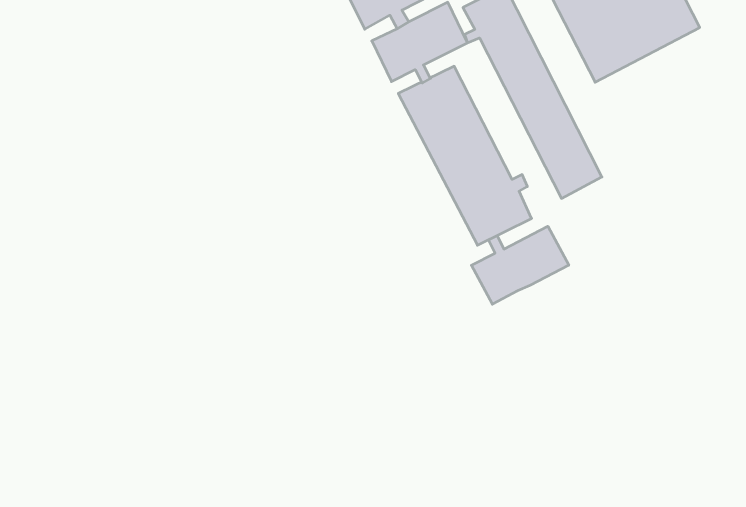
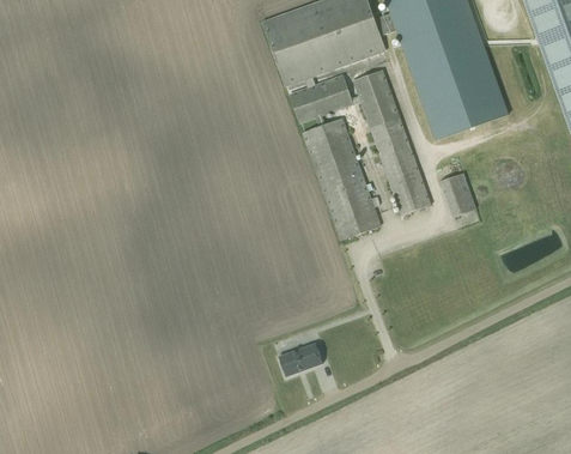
building: none -> [441,172,476,217]
building: [471,226,569,304] -> none
building: none -> [279,343,323,375]

